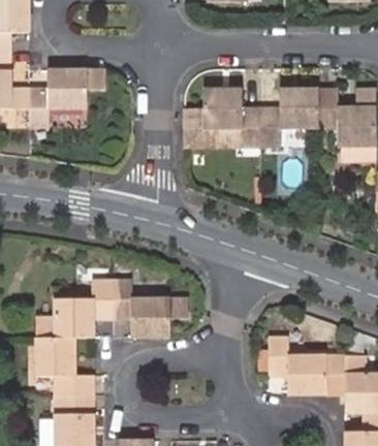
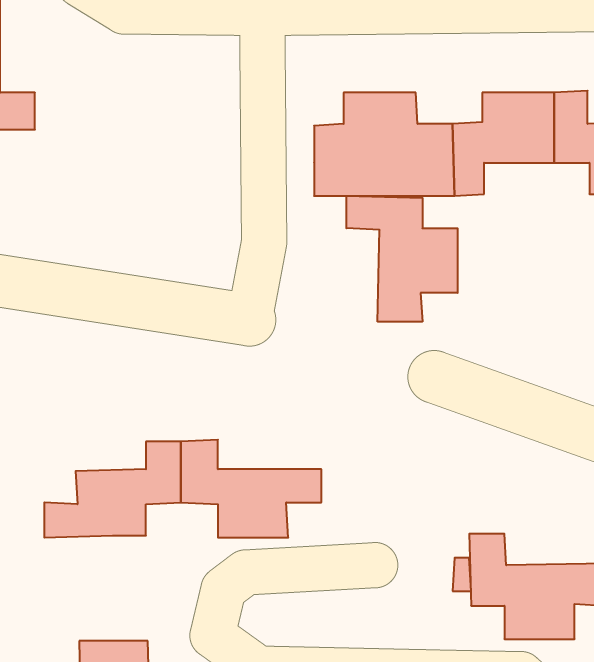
building: [29,68,105,127] -> none
building: none -> [346,196,458,322]
building: [34,336,92,394] -> none

